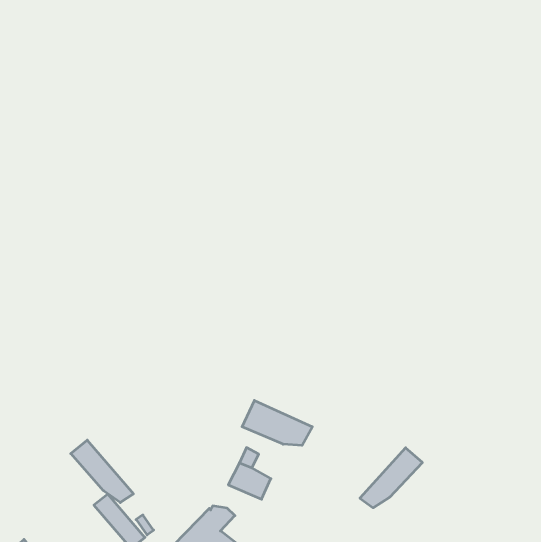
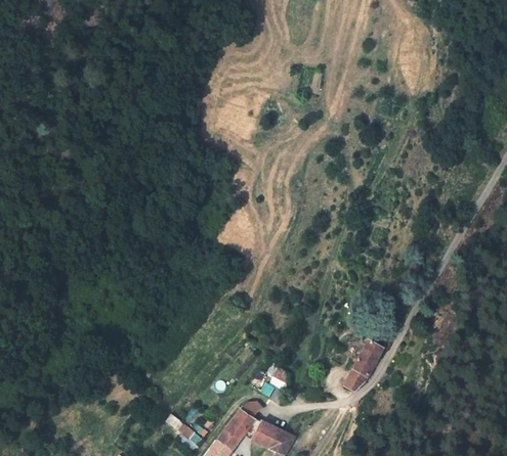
building: [242,400,312,445] -> none
building: [71,440,133,503] -> none

